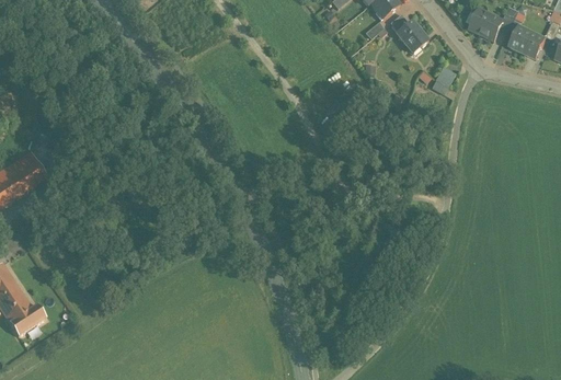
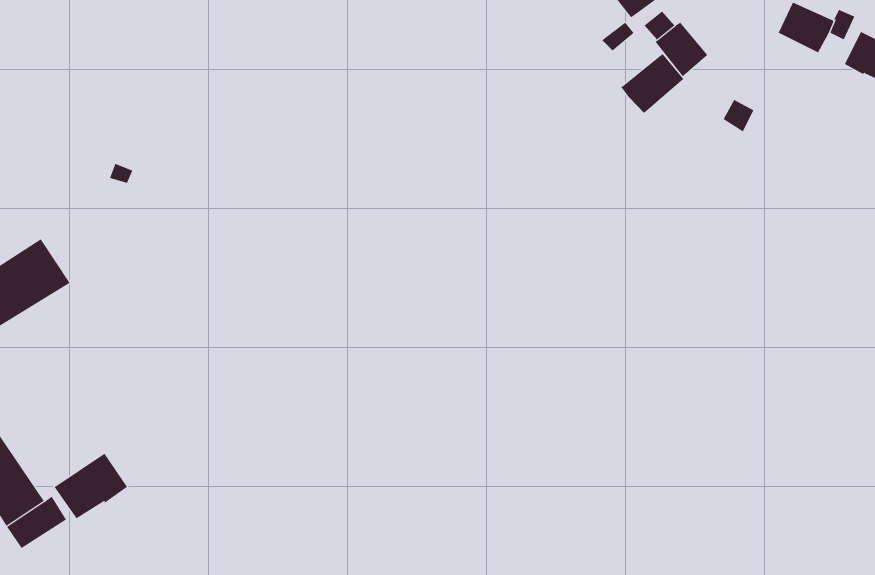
building: none -> [620,53,684,114]
building: none -> [54,453,128,519]

